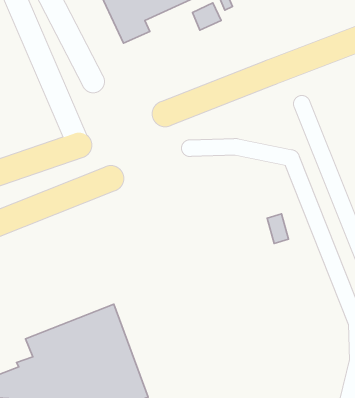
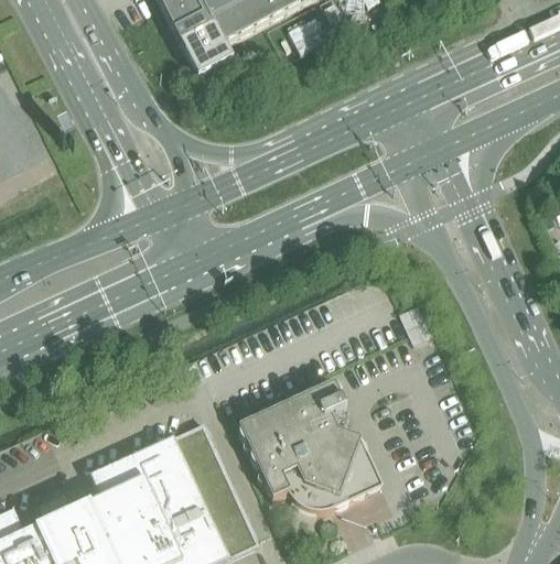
building: none -> [237,381,380,512]

